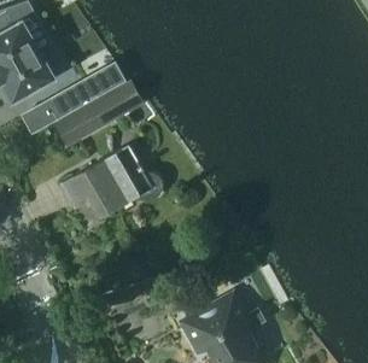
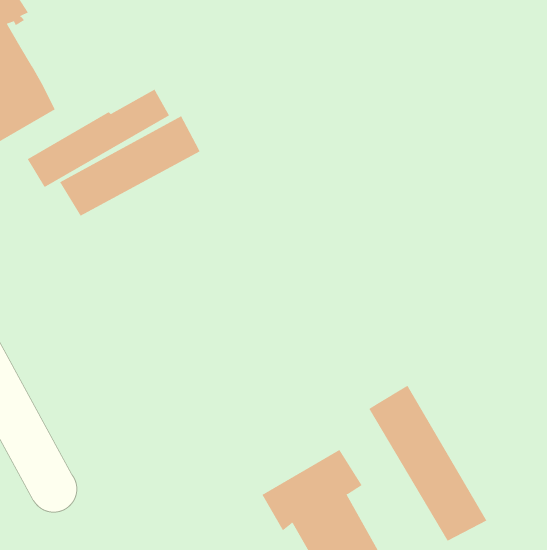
building: [64,144,160,217] -> none
building: none -> [368,385,487,542]

